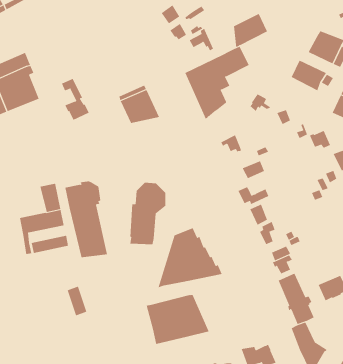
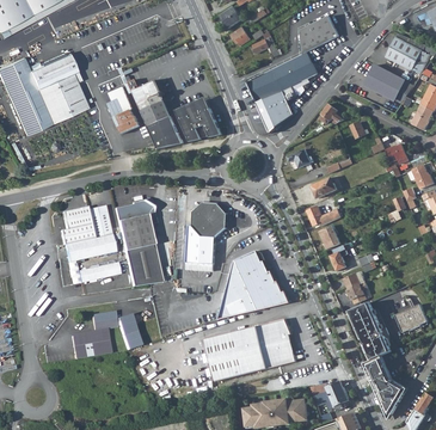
building: none -> [128,79,183,147]
building: none -> [60,204,94,242]
building: none -> [70,313,116,358]
building: none -> [257,319,295,367]

